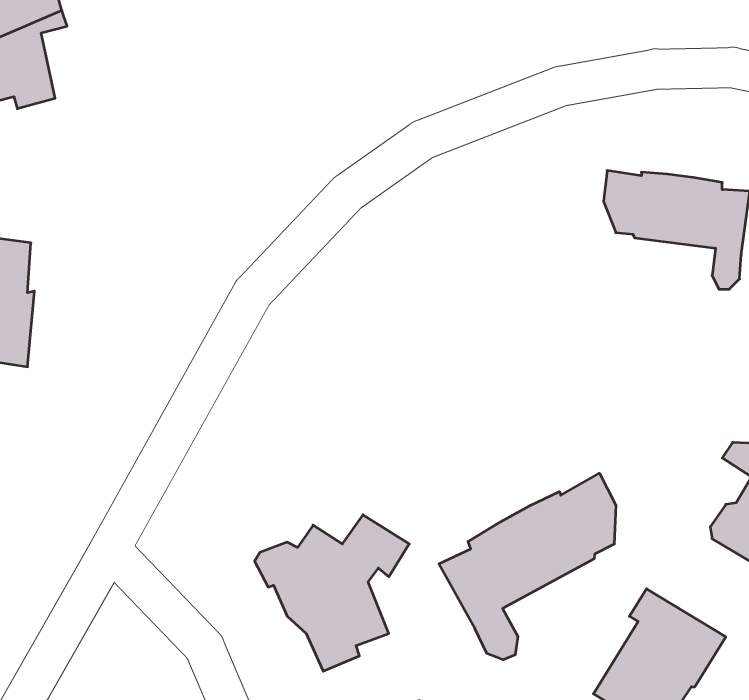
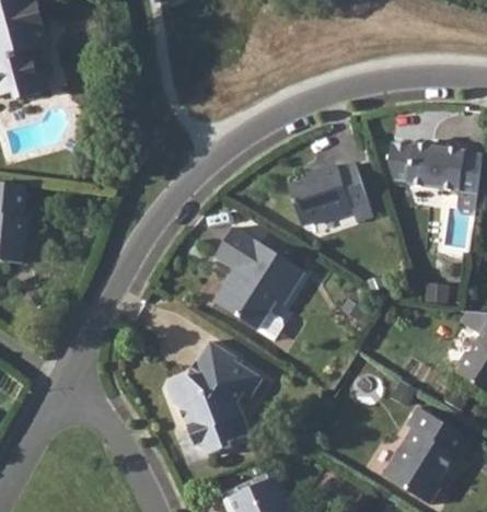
building: none -> [290,164,370,224]
building: none -> [211,226,303,337]
building: [439,473,616,660] -> none

